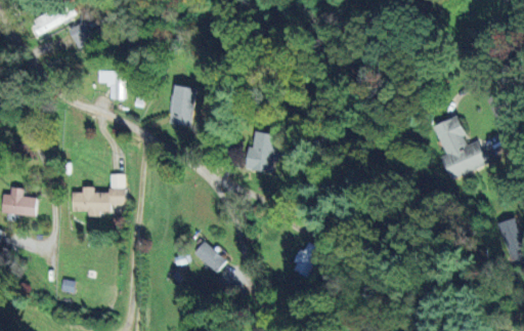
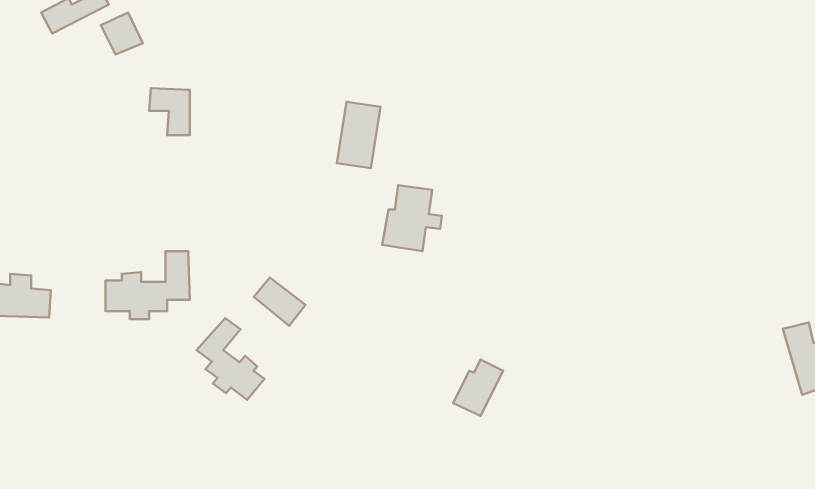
building: [169,85,196,127] -> [337,102,380,168]
building: [436,117,489,178] -> none
building: none -> [197,318,265,400]
building: [193,242,226,273] -> [254,278,305,326]

